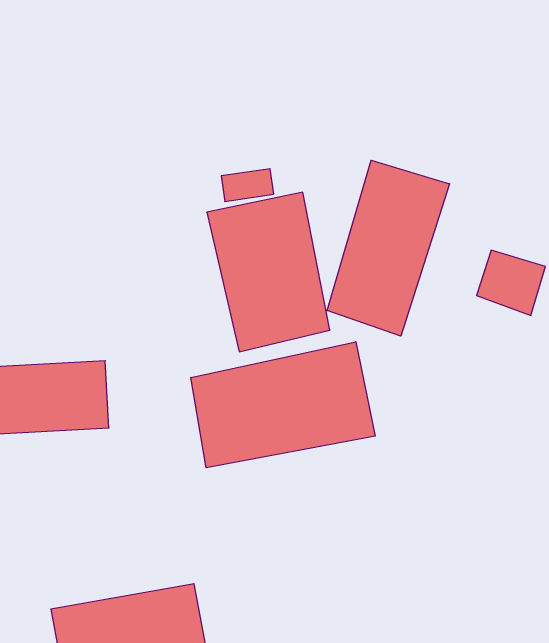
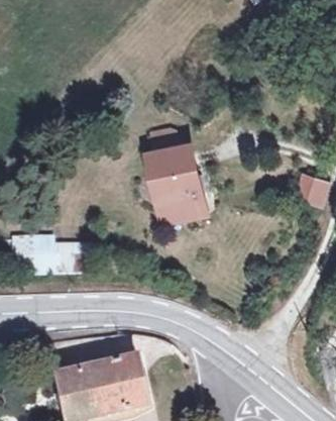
building: [327,160,450,336] -> none
building: [191,342,375,468] -> none

